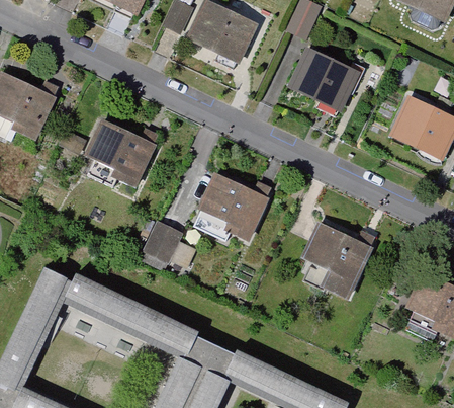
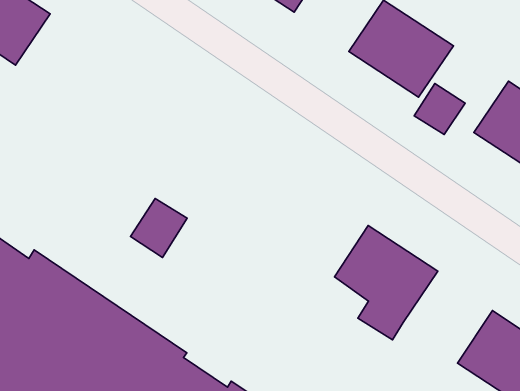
building: none -> [414,83,465,135]
building: [81,116,158,186] -> none
building: [194,169,271,238] -> none

